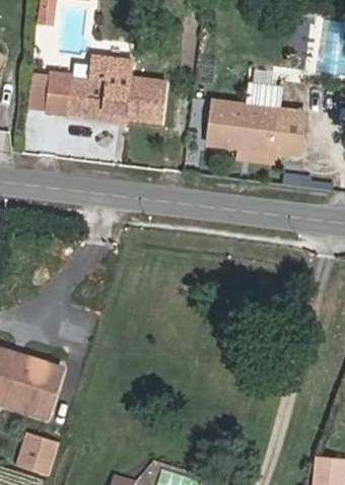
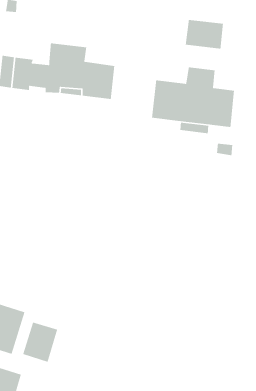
building: none -> [185,19,224,50]
building: none -> [22,322,58,363]

